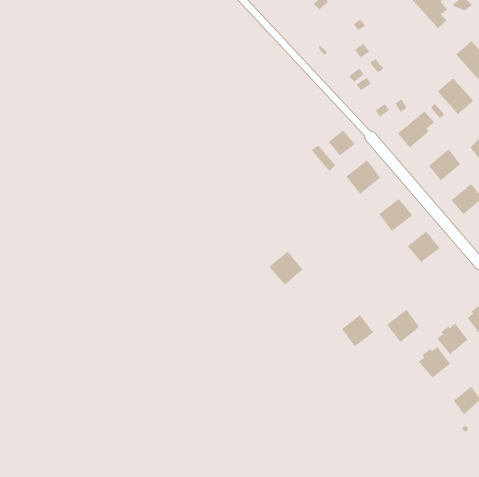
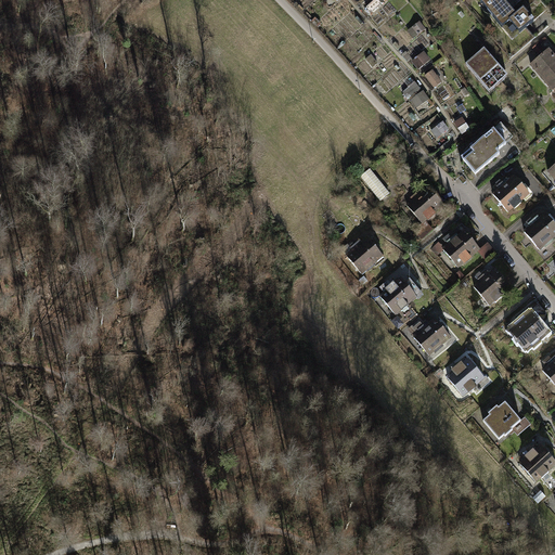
building: [437,77,474,115] -> [463,47,505,90]
building: [328,130,355,156] -> none
building: none -> [379,275,424,313]
building: [268,251,303,286] -> [345,234,385,274]
building: [341,314,374,347] -> [413,315,451,353]
building: [437,323,469,355] -> [507,310,544,347]

